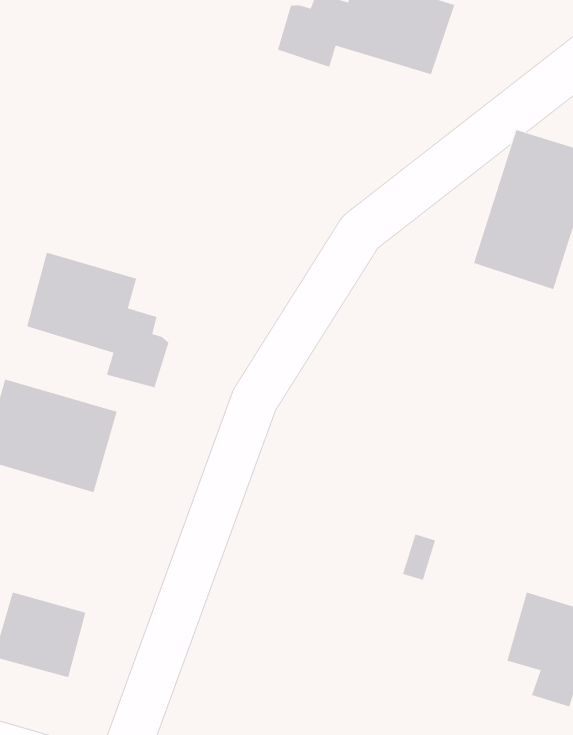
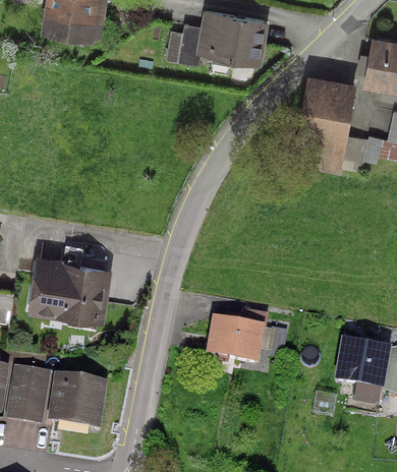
building: [26,252,169,388] -> none
building: none -> [212,307,268,363]

